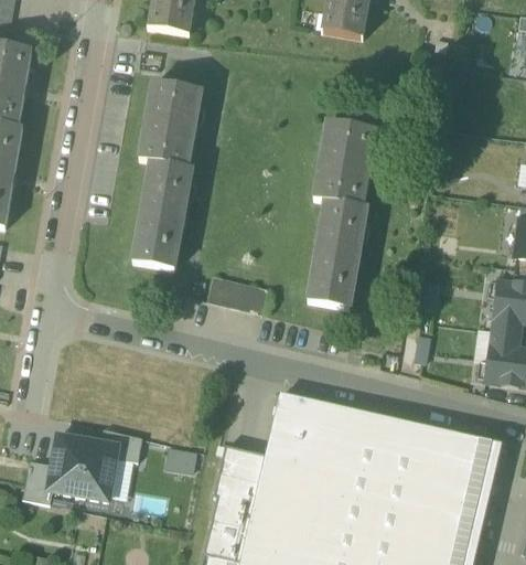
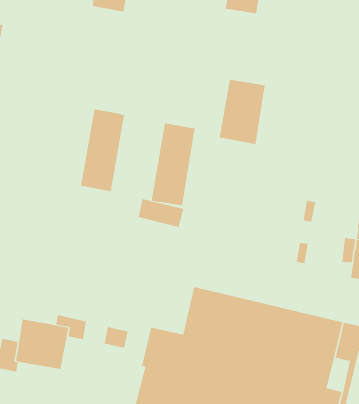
building: [139,84,201,168] -> none
building: [307,201,365,309] -> [151,123,196,206]
building: [108,458,133,500] -> none
building: [454,486,483,530] -> none

